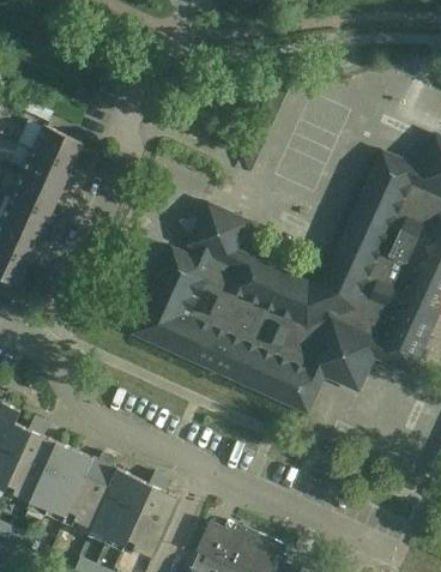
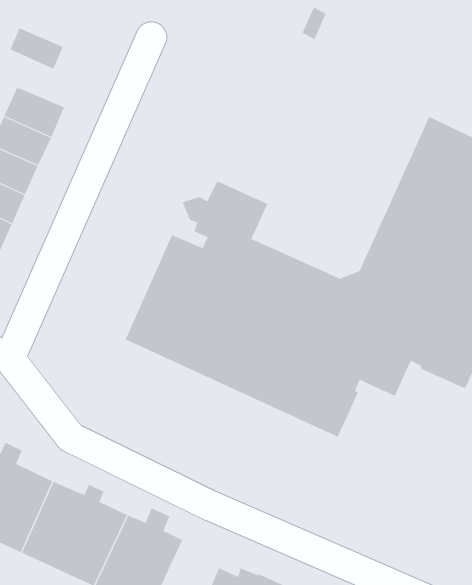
building: none -> [10,28,63,69]

